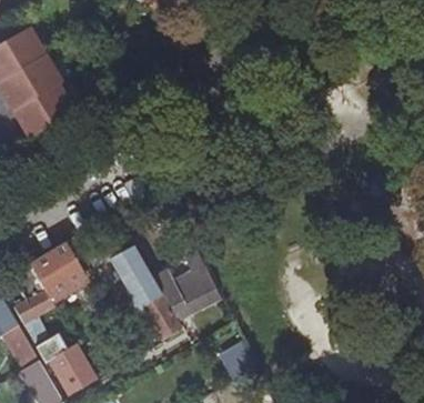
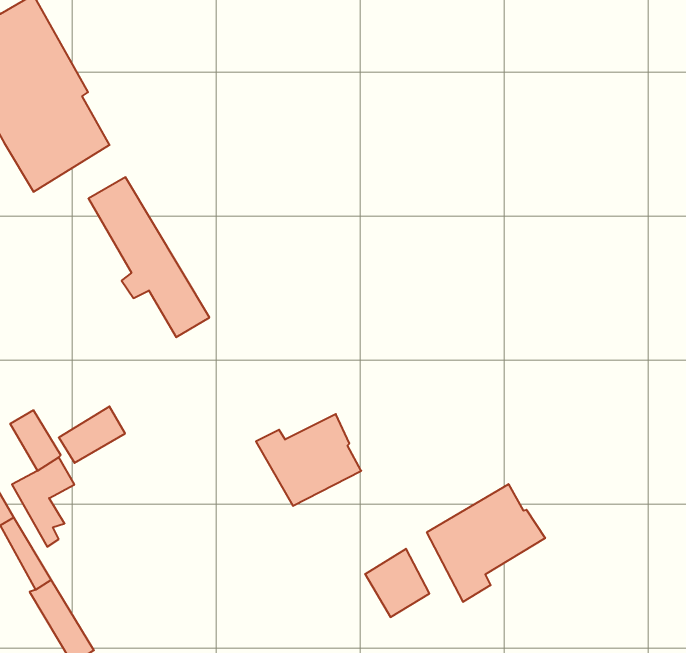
building: [111,246,180,337] -> [88,177,209,337]
building: none -> [427,484,545,602]
building: [36,334,94,394] -> none

